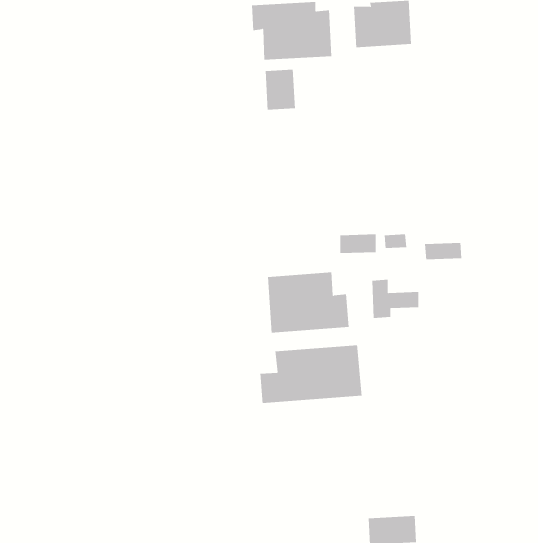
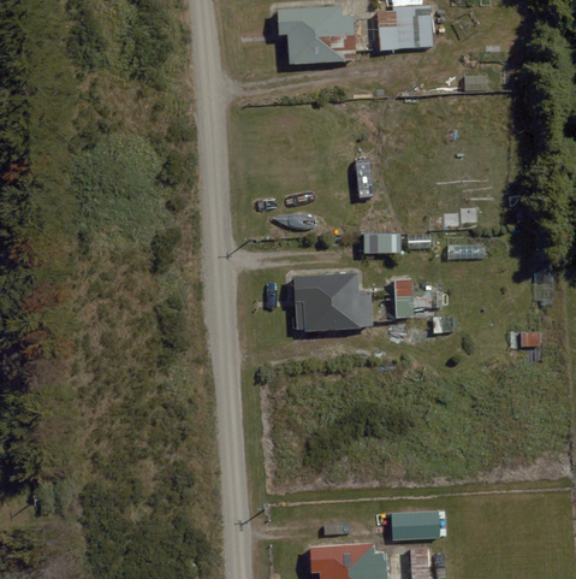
building: [265,69,295,110] -> none
building: [260,344,362,404] -> none

